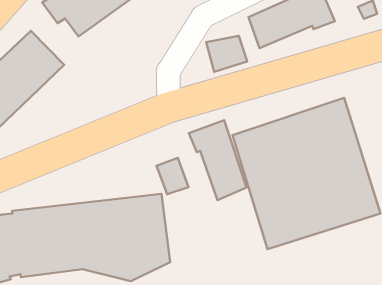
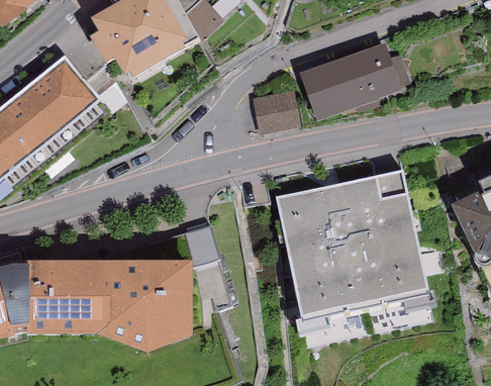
building: [189,120,247,200] -> none

